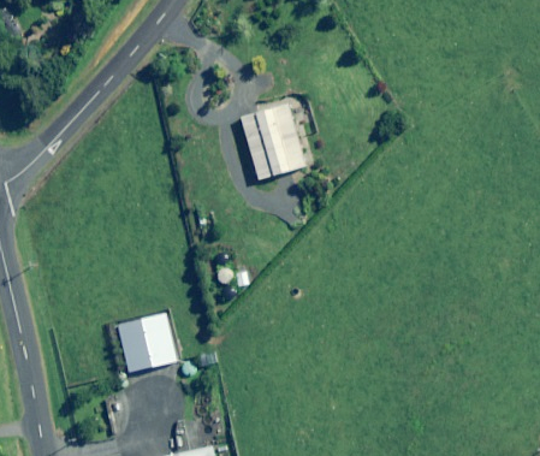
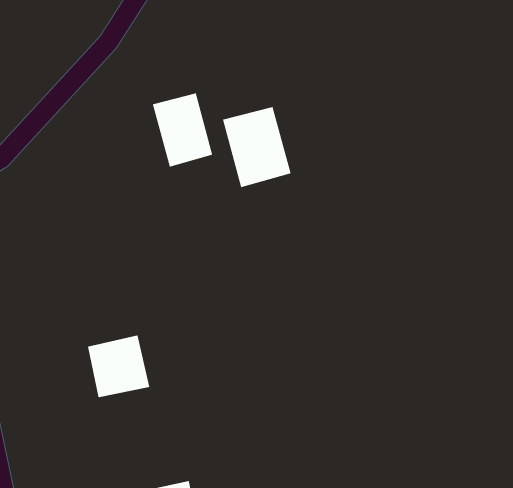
building: none -> [152,93,213,168]

